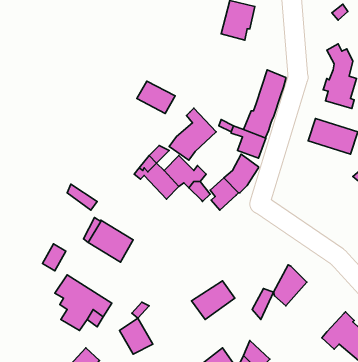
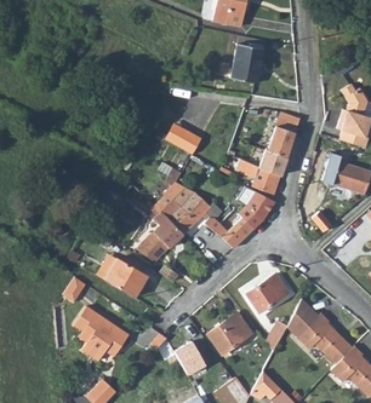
building: [169,108,216,160] -> [137,212,183,263]
building: none -> [246,275,289,313]
building: none -> [299,313,356,364]
building: [119,318,153,354] -> [175,344,207,379]

